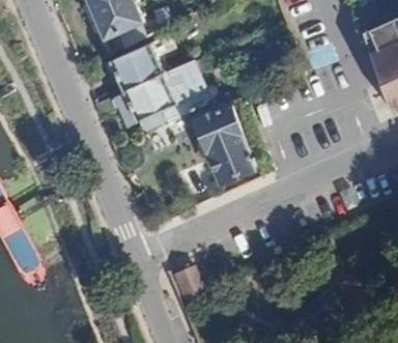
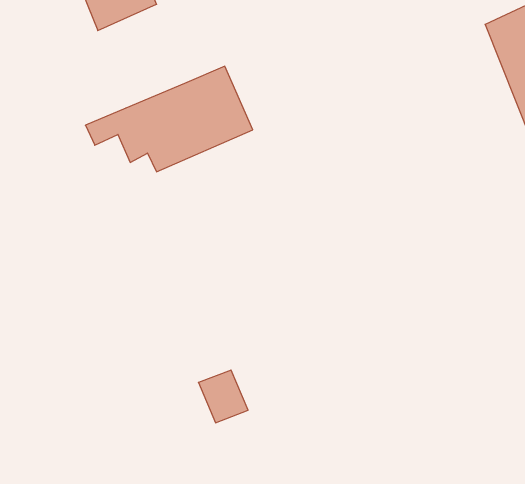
building: [110,41,162,89] -> none
building: [196,109,258,183] -> none

